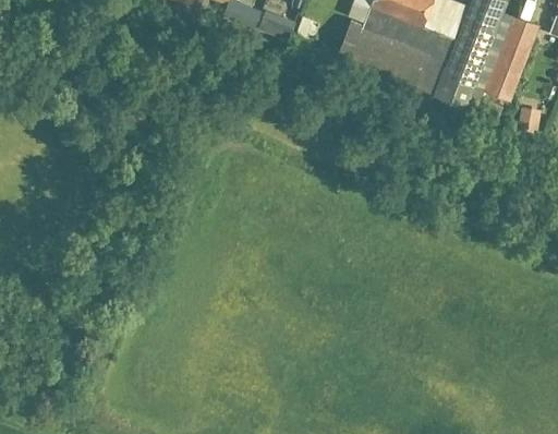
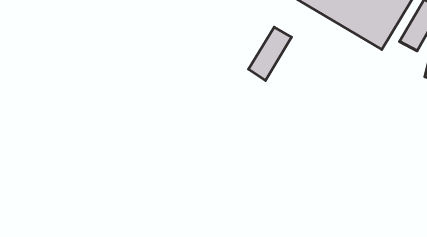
building: none -> [248,27,292,80]

